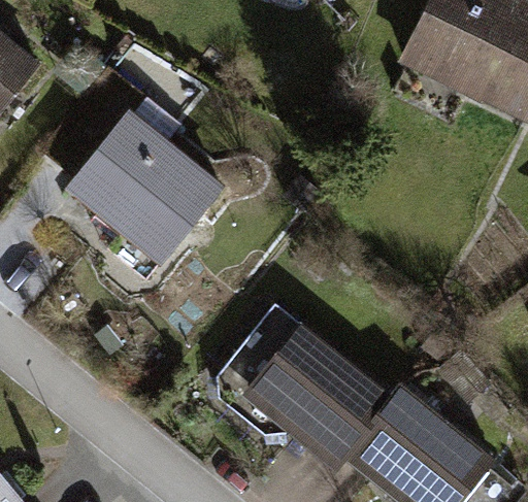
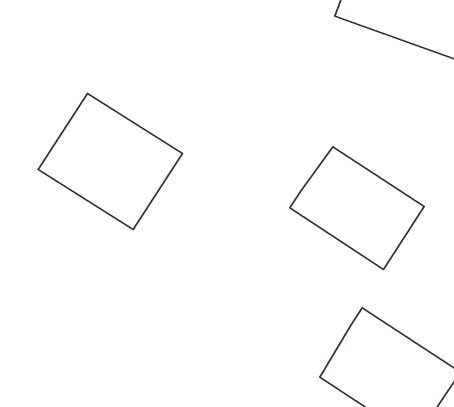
building: none -> [290,147,424,269]
building: [230,314,378,460] -> none

